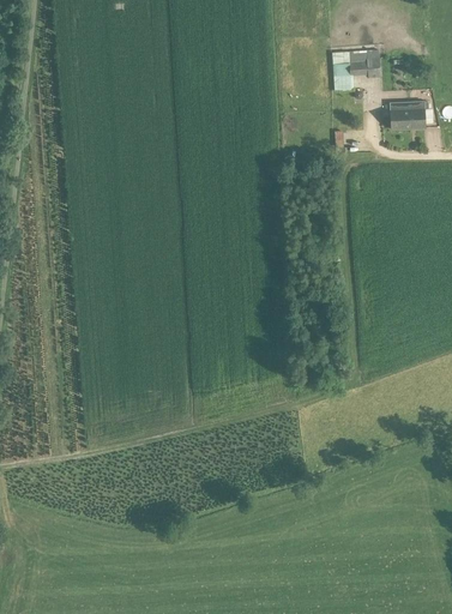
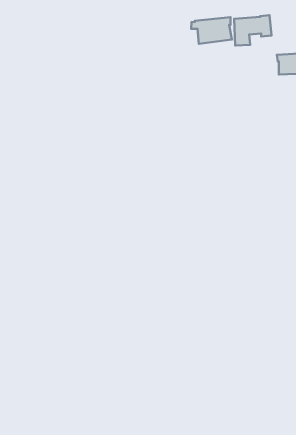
building: none -> [191,17,232,44]

